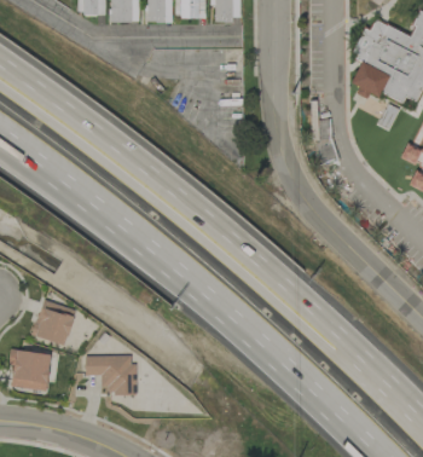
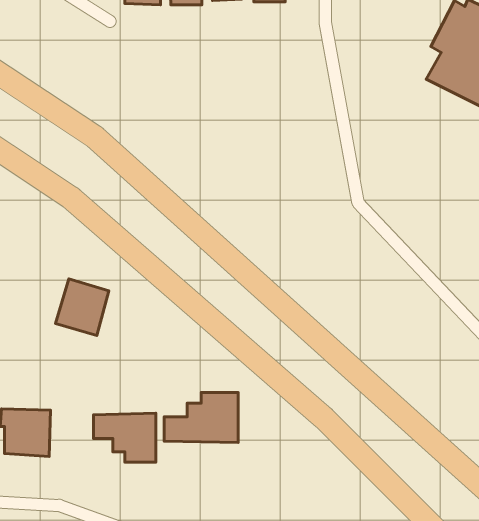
building: [30,299,74,345] -> [55,279,109,335]
building: none -> [164,392,238,443]

